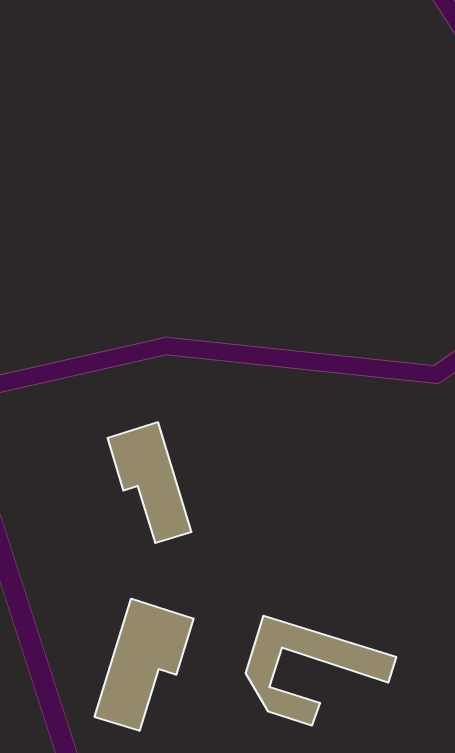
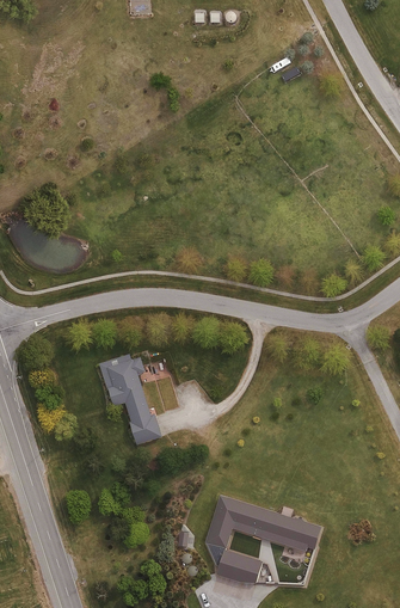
building: [95,599,194,731] -> none

